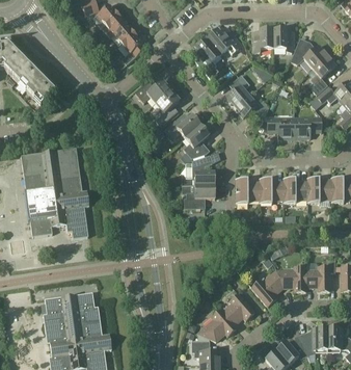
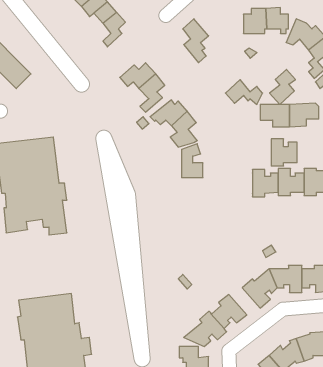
building: [207,29,242,54] -> none
building: [226,75,250,107] -> [270,69,295,104]
building: [237,178,261,203] -> [271,139,297,166]
building: [184,185,215,208] -> none

